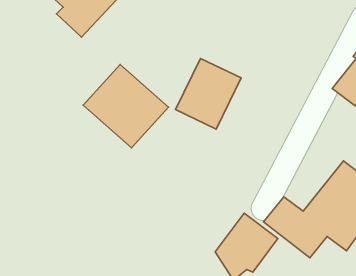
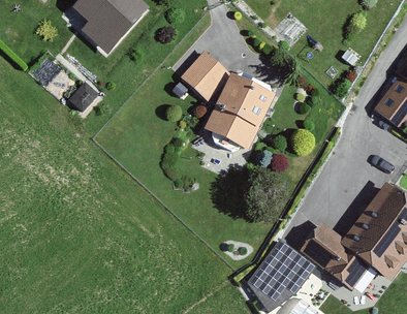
building: none -> [182,52,229,100]
building: [83,64,168,148] -> none

